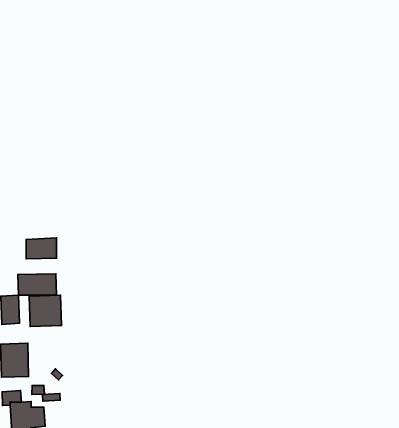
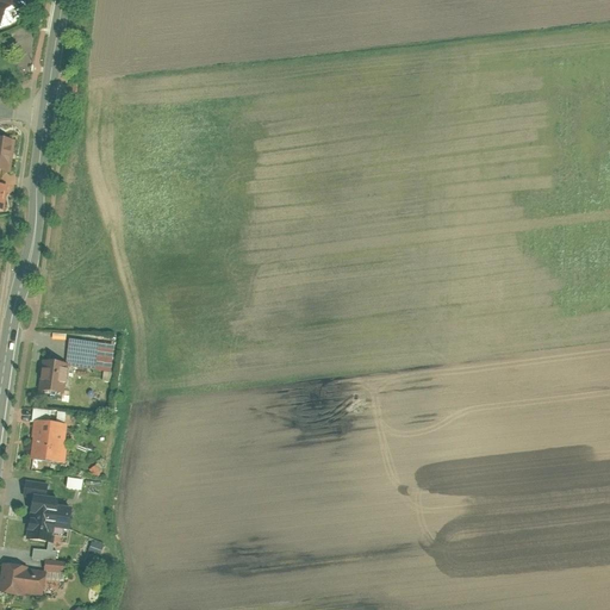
building: [26,238,57,259] -> none
building: [29,295,61,326] -> none

